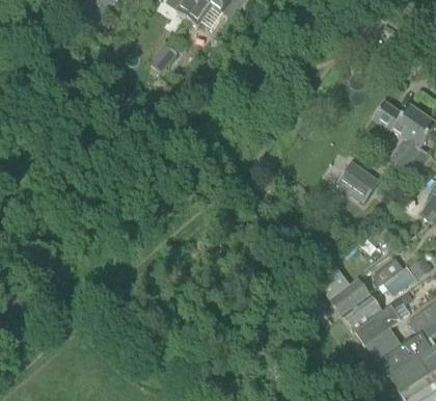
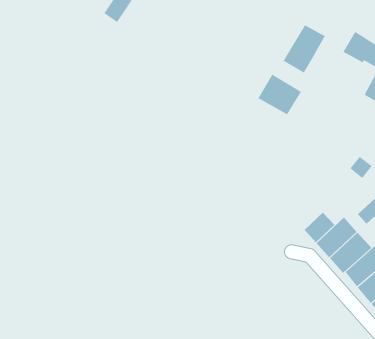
building: none -> [283,24,325,74]
building: [336,161,379,202] -> [258,74,302,115]

